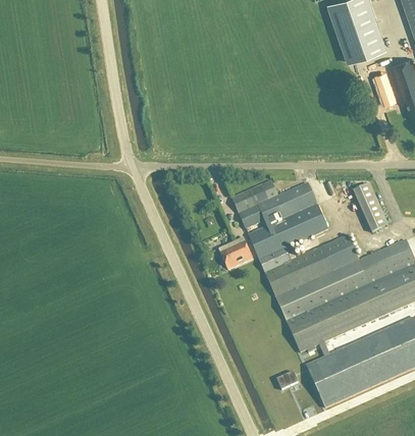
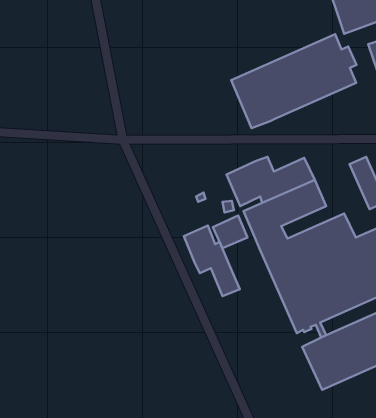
building: none -> [231,34,356,128]
building: none -> [184,226,240,296]

